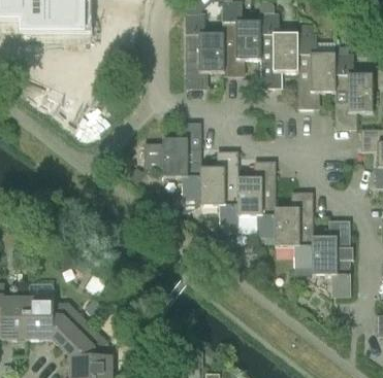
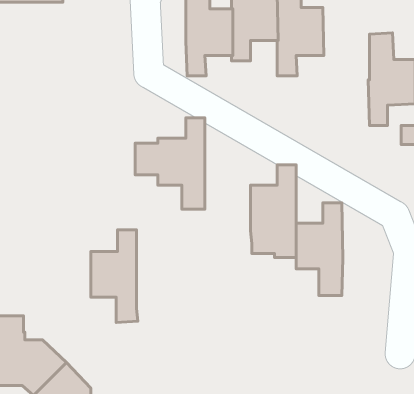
building: [296,33,334,108] -> none
building: [200,150,238,226] -> [91,230,138,323]
building: [312,220,353,296] -> none

